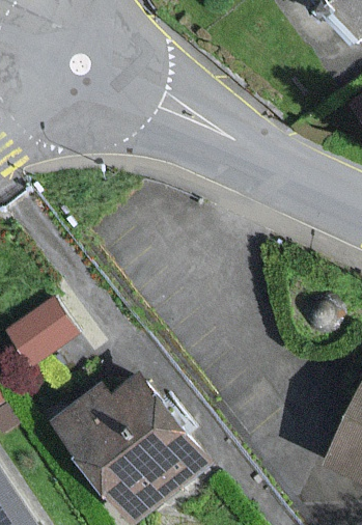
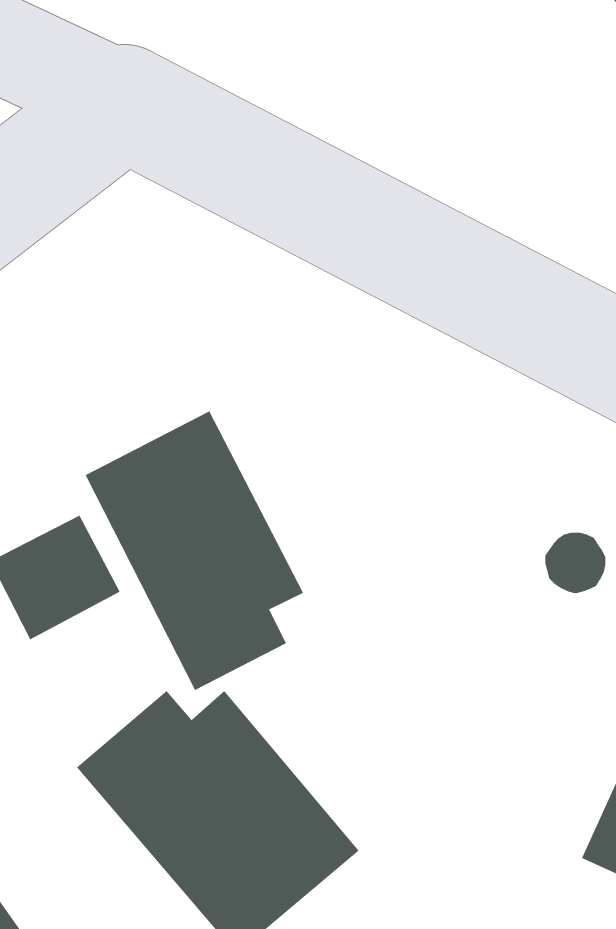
building: none -> [85,410,304,691]

